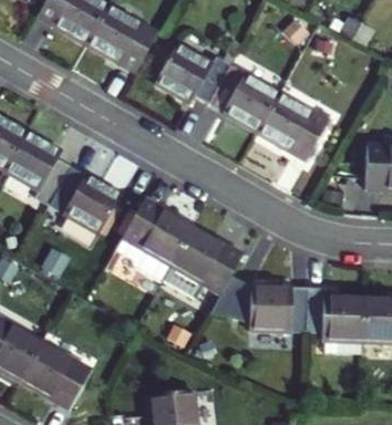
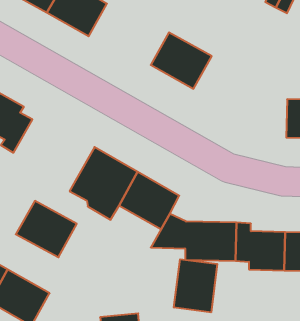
building: [155,43,229,103] -> none
building: [258,93,328,158] -> none
building: [49,166,120,231] -> [16,201,77,257]
building: none -> [174,259,217,312]

